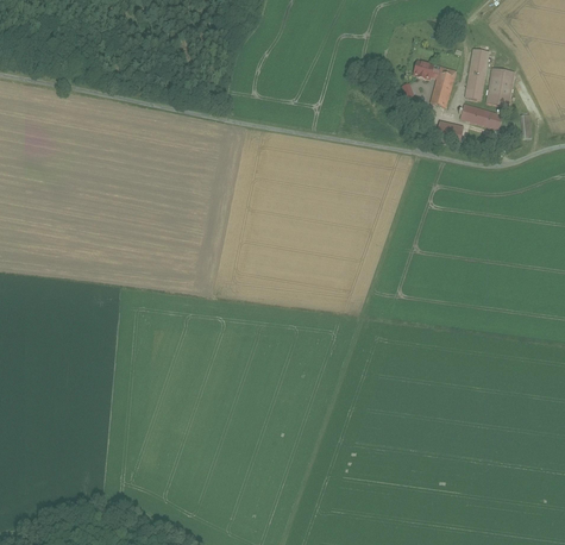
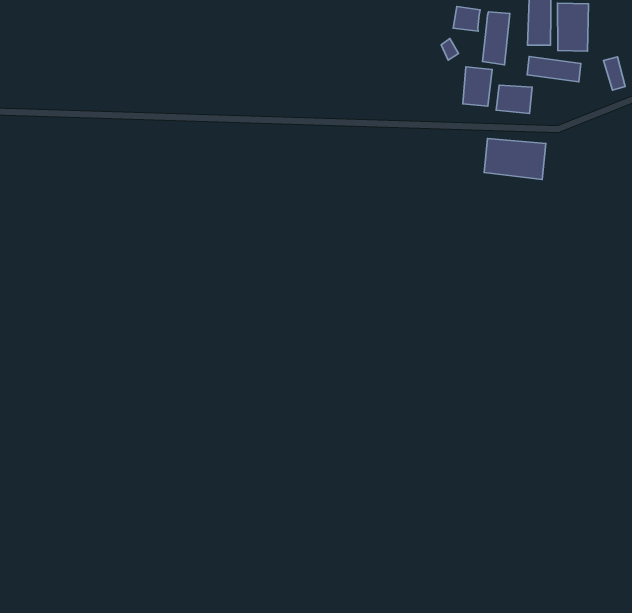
building: none -> [463,67,492,106]
building: none -> [484,138,546,179]

